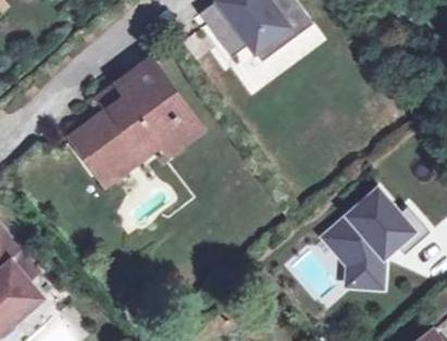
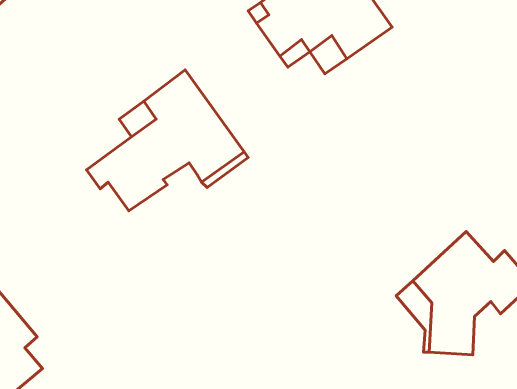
building: [84,134,161,184] -> none

